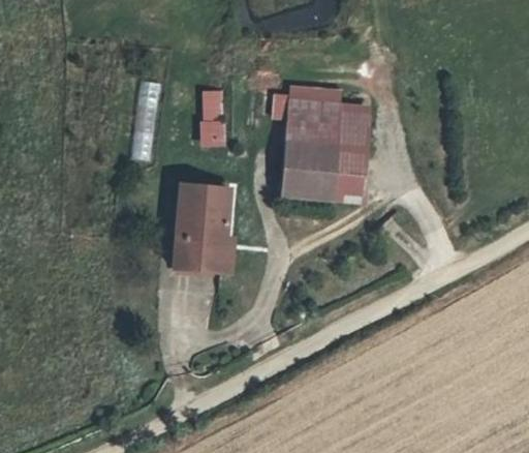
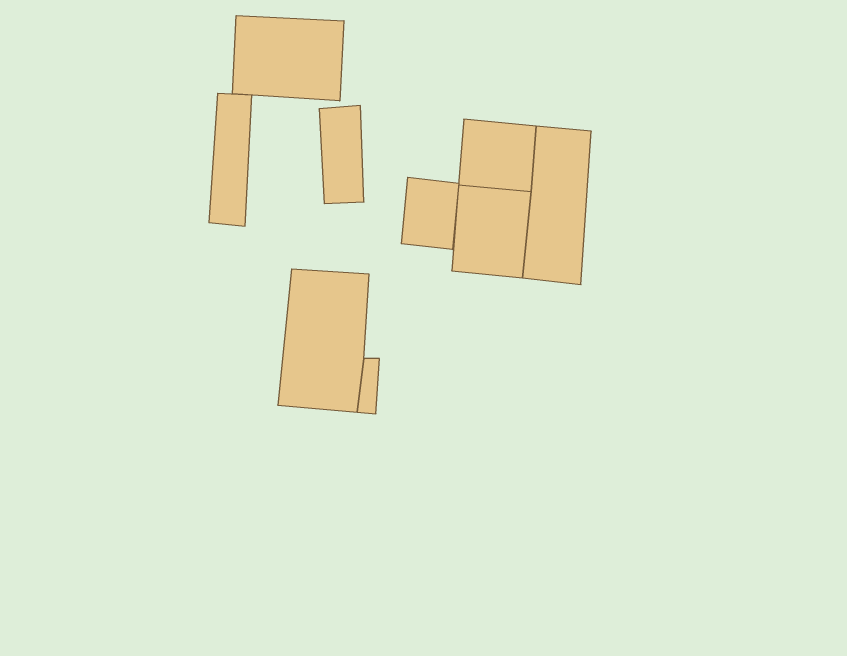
building: none -> [232,16,344,101]
building: none -> [401,177,459,250]

